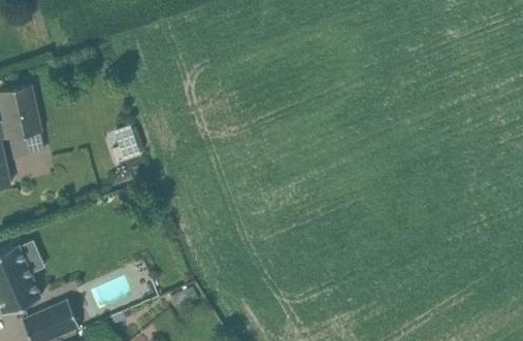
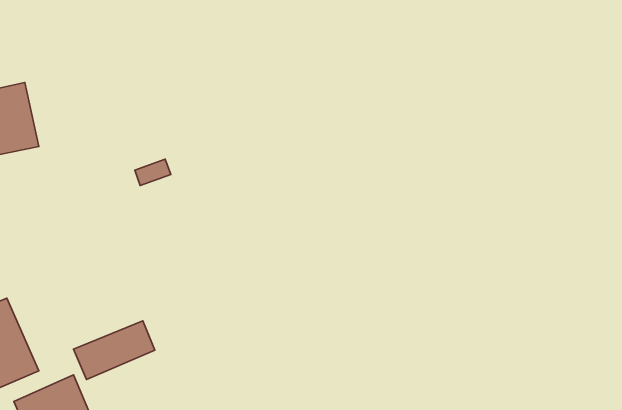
building: none -> [74,321,155,379]

